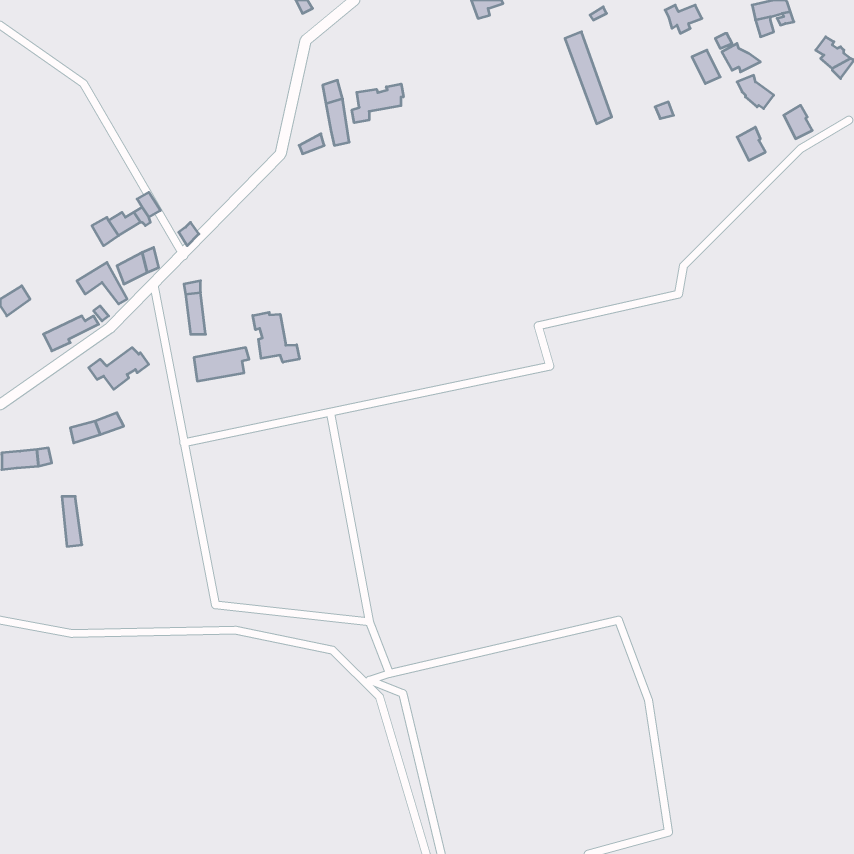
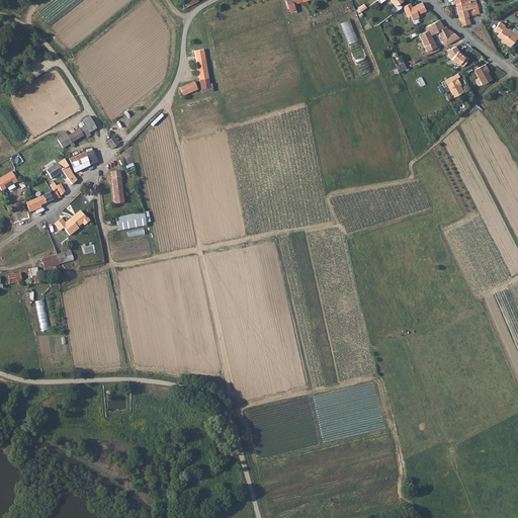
building: [352,84,403,123] -> none
building: [253,312,299,362] -> none

